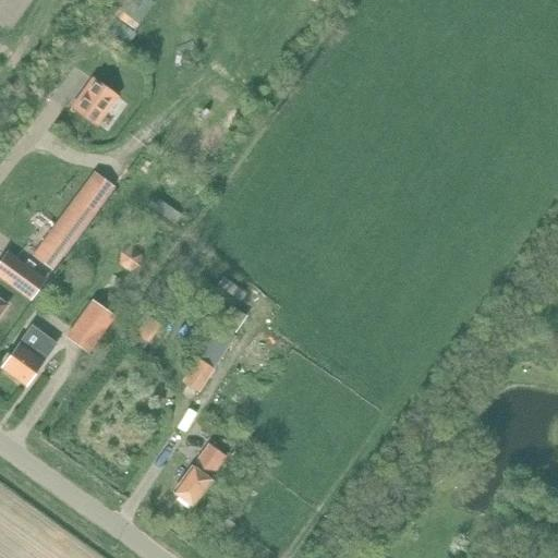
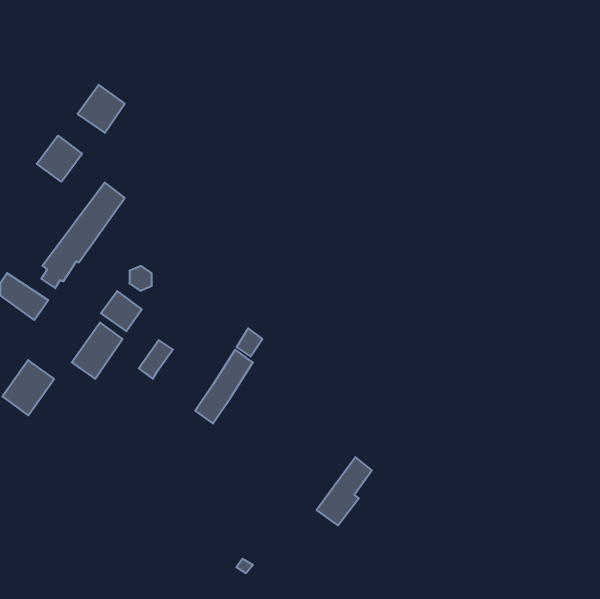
building: none -> [37,136,82,182]
building: none -> [101,291,142,331]
building: [174,442,226,506] -> [317,457,372,525]

